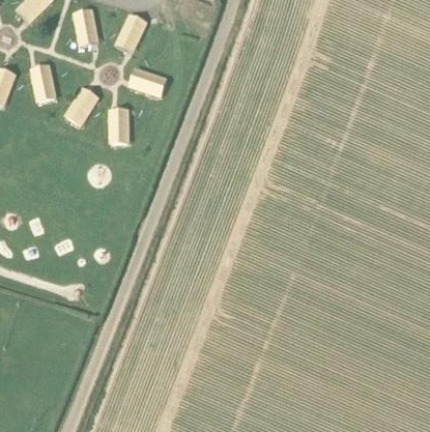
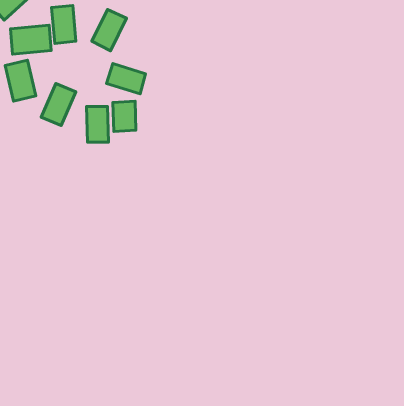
building: none -> [10,25,51,54]
building: none -> [113,101,136,131]

